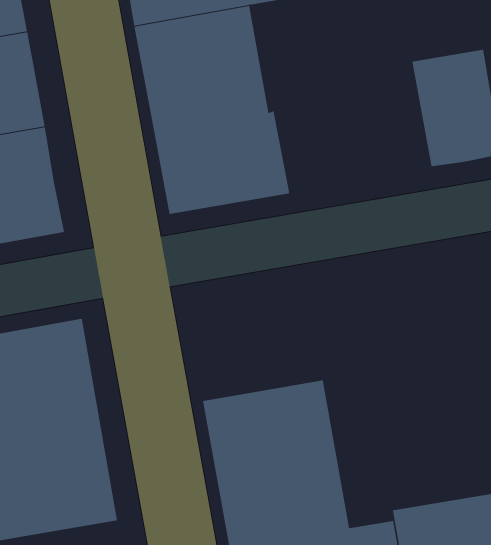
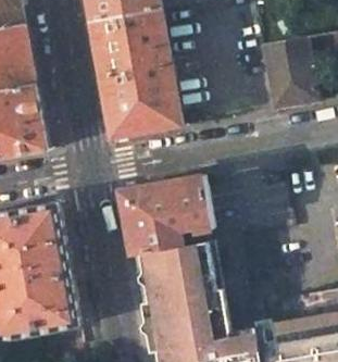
building: none -> [120,177,210,254]

